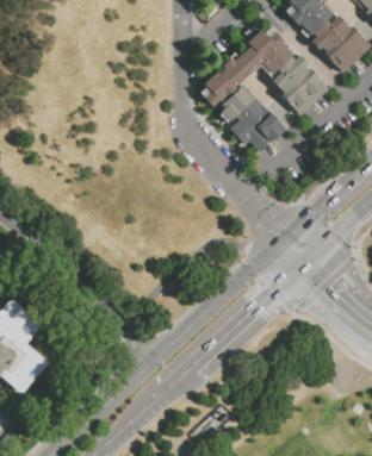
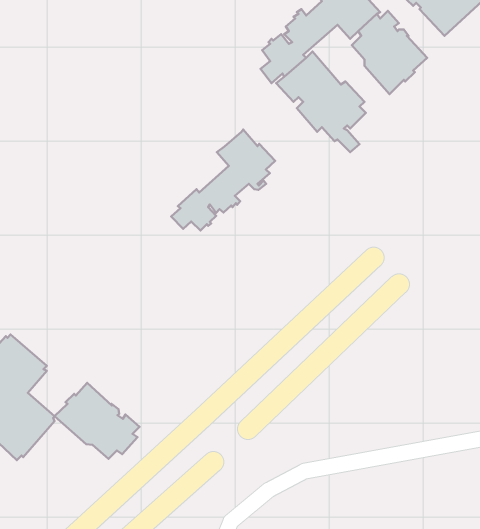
building: none -> [171,129,275,230]
building: none -> [55,383,139,459]

